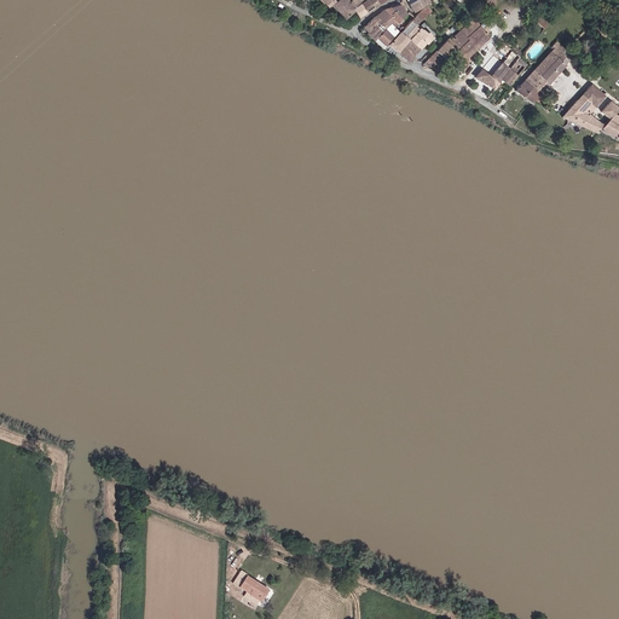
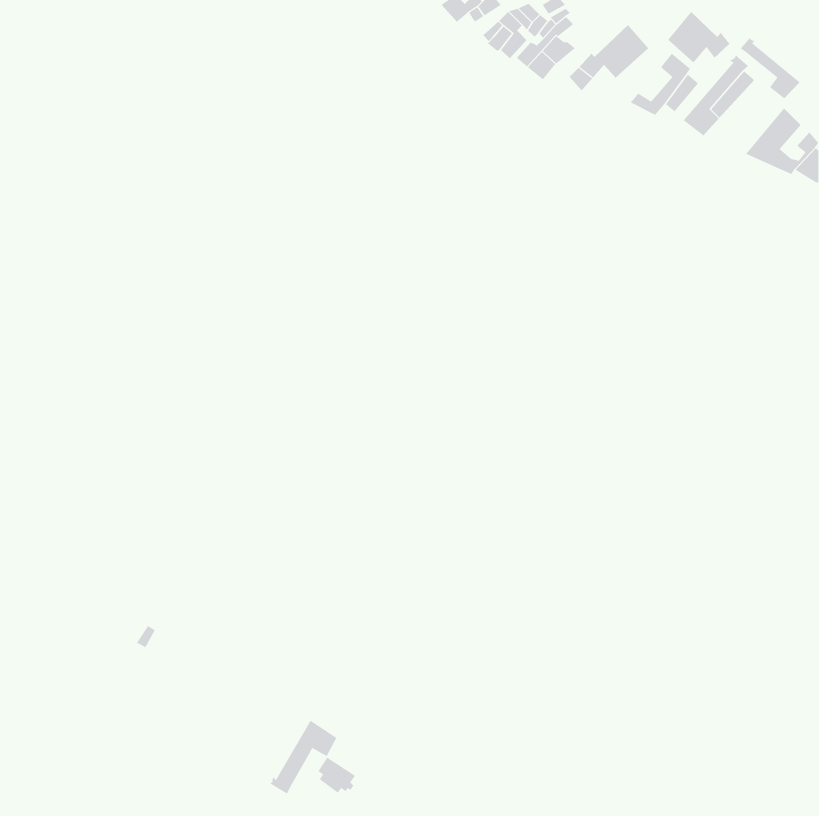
building: none -> [667,11,730,63]
building: none -> [740,37,800,99]
building: none -> [269,720,337,795]

